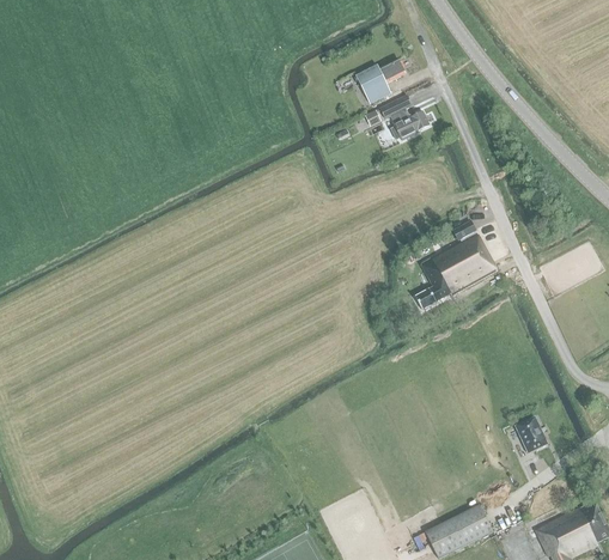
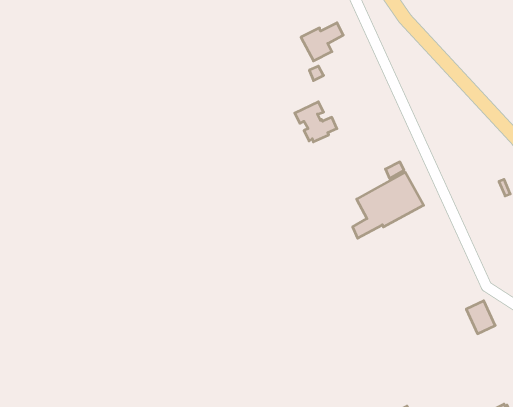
building: [379,93,428,140] -> [295,102,337,142]
building: [514,415,548,454] -> [466,301,495,334]

